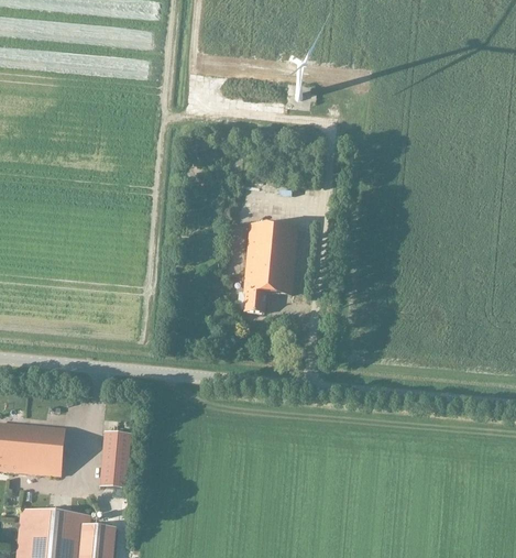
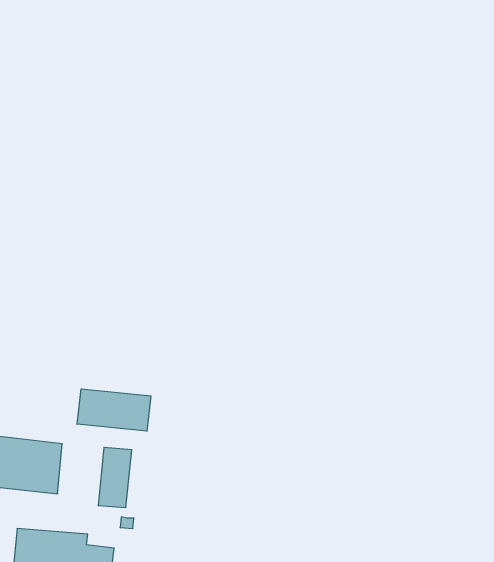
building: [237,223,297,313] -> none
building: none -> [77,389,151,431]

